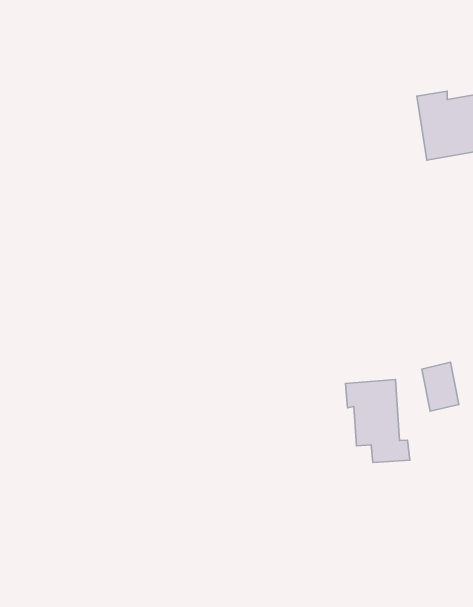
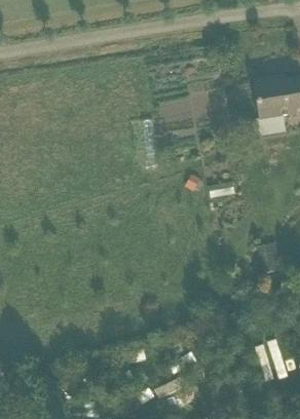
building: [345,380,410,462] -> none

